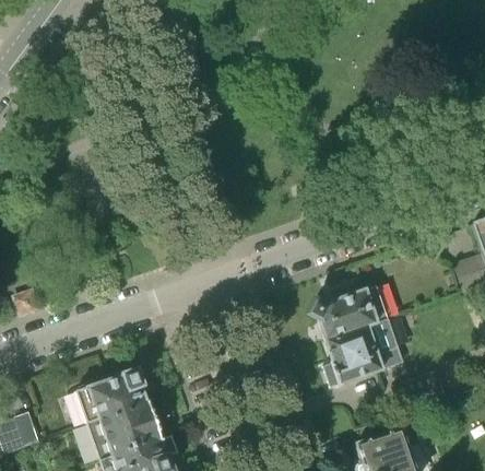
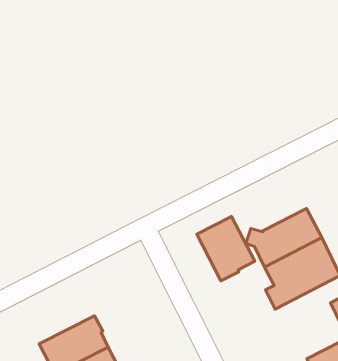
building: none -> [197,216,255,281]

